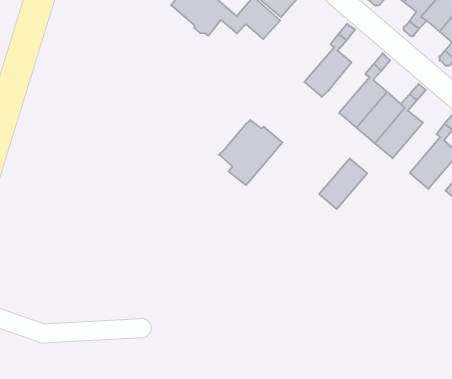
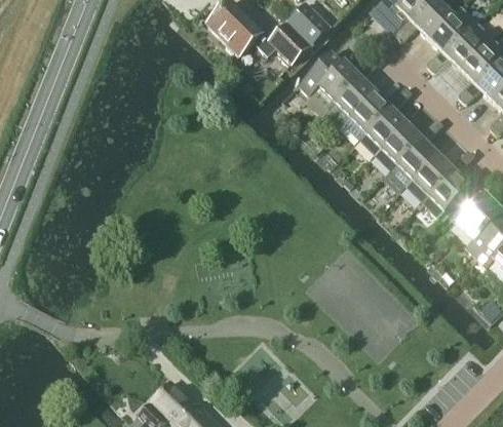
building: none -> [344,91,391,139]
building: [219,120,282,185] -> [298,52,359,114]
building: [319,158,367,209] -> [407,154,454,201]

